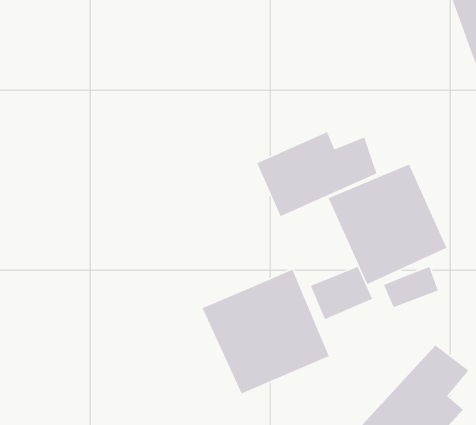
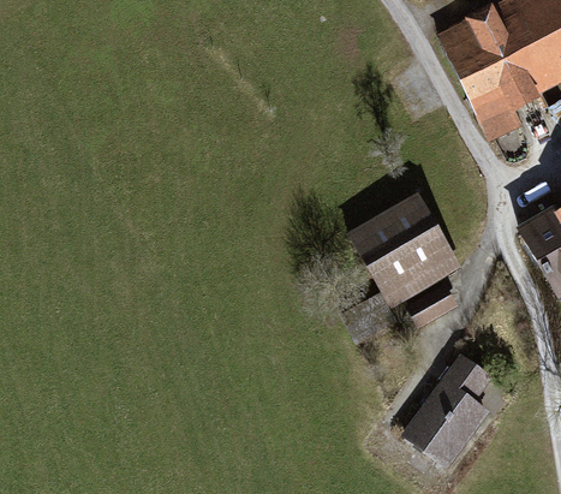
building: [256,131,378,217] -> none
building: [201,268,330,395] -> none

